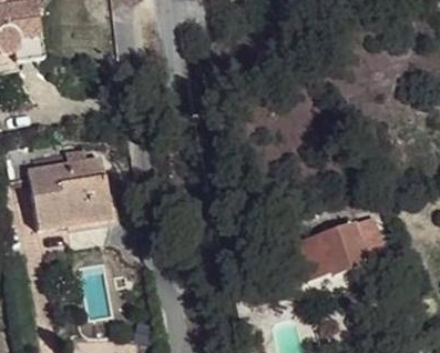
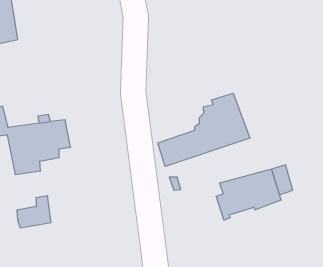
building: none -> [158,93,250,166]
building: [69,192,112,232] -> [17,196,51,228]

